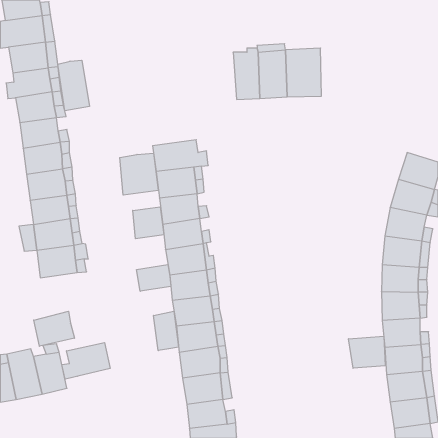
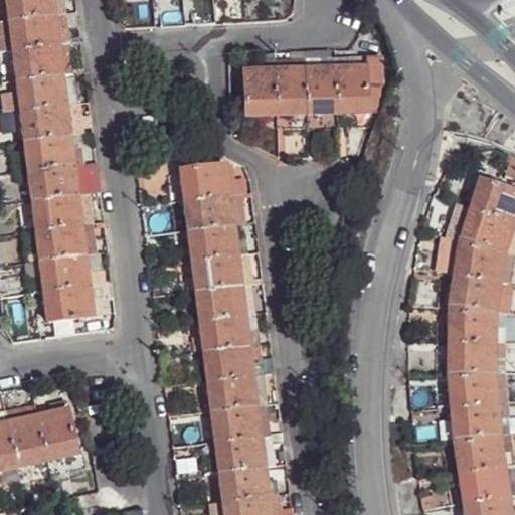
building: none -> [241,55,278,118]
building: [58,60,89,111] -> none
building: [120,153,158,195] -> none
building: [133,207,164,239] -> none
building: [137,265,171,291] -> none
building: [34,311,74,346] -> none
building: [154,311,179,351] -> none
building: [349,336,385,368] -> none
building: [62,343,110,379] -> none

